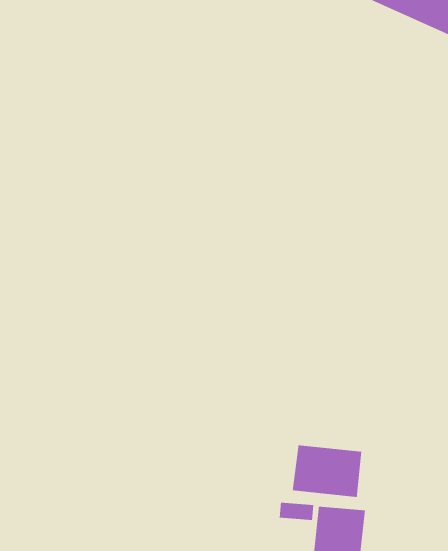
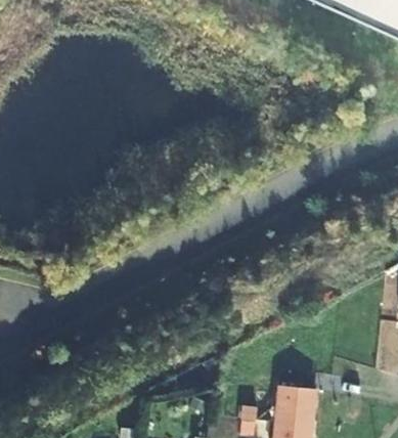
building: [292,444,362,498] -> none

